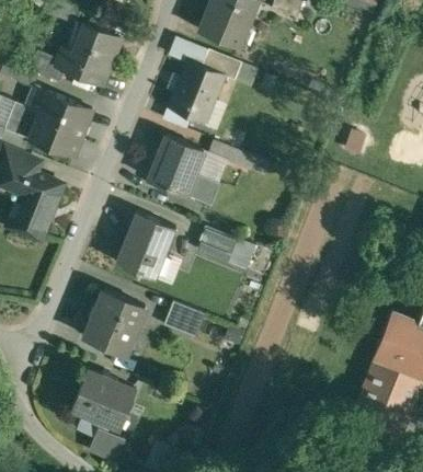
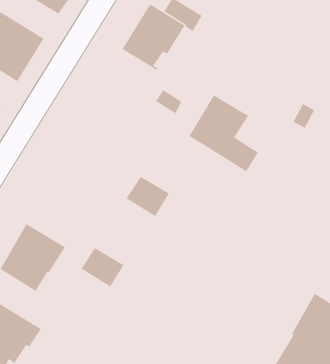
building: [149,136,219,205] -> [188,95,259,172]
building: [116,212,176,279] -> none

